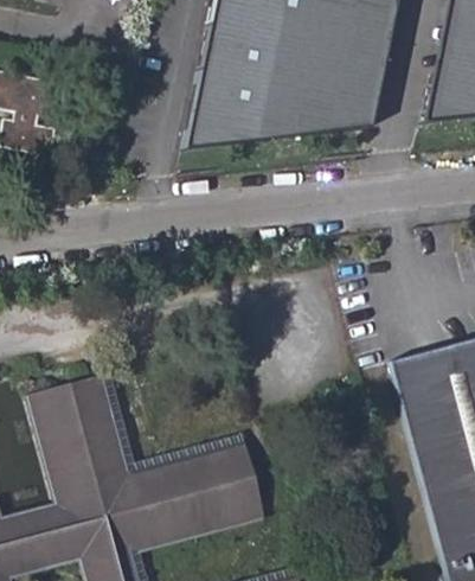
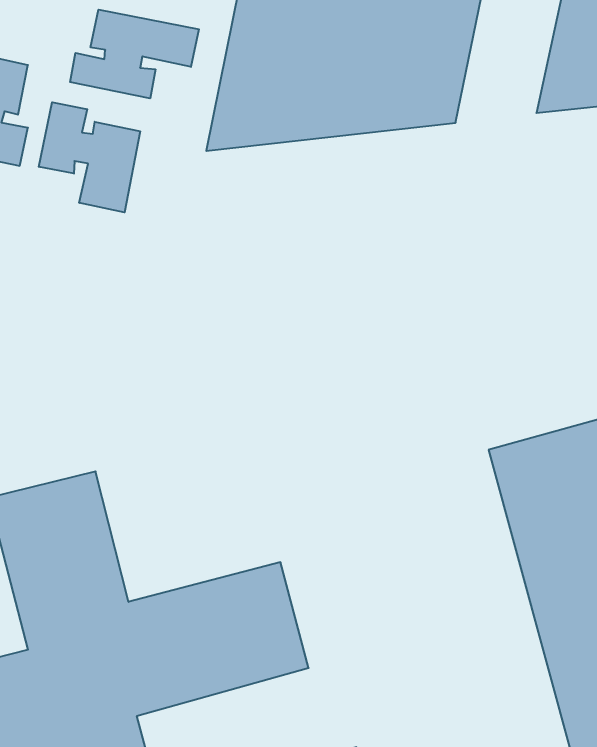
building: none -> [70,10,199,98]
building: none -> [39,102,140,212]

